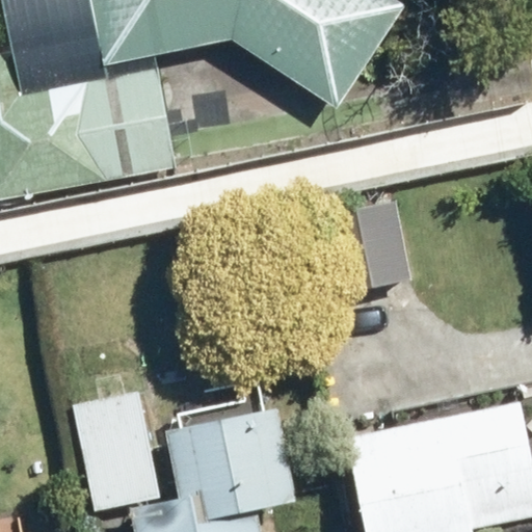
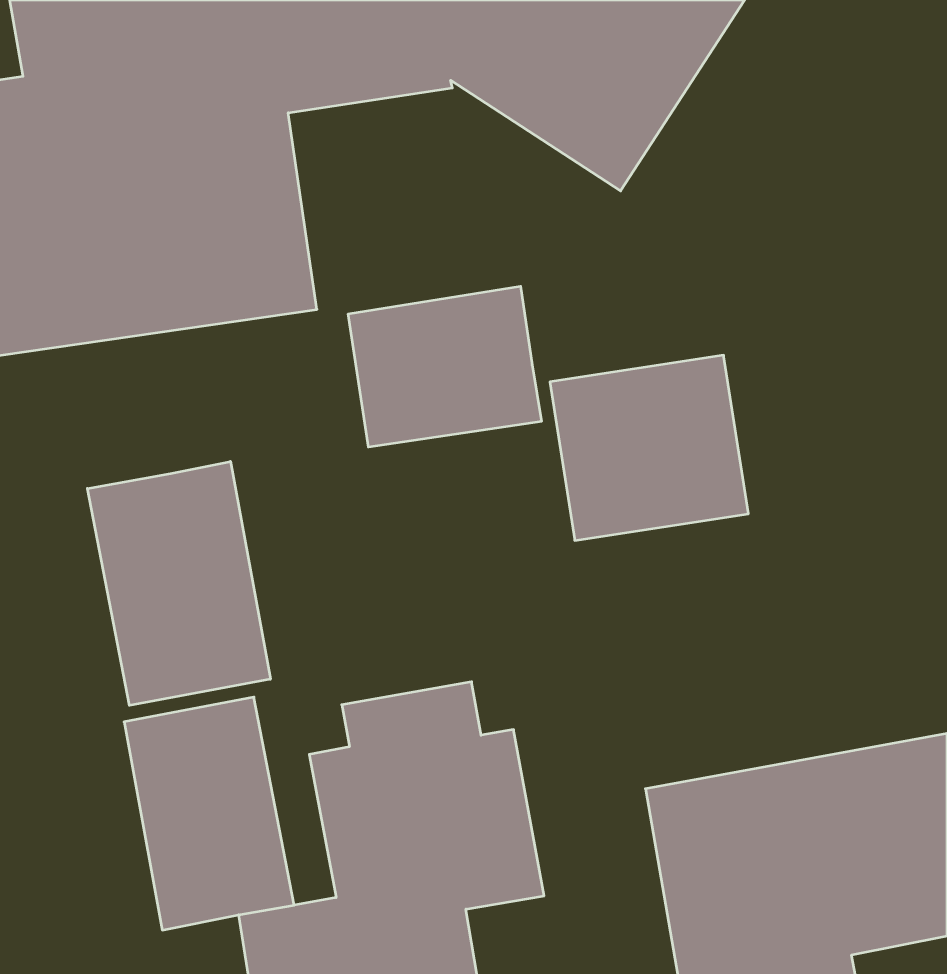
building: none -> [348,286,541,447]
building: none -> [87,461,270,705]

